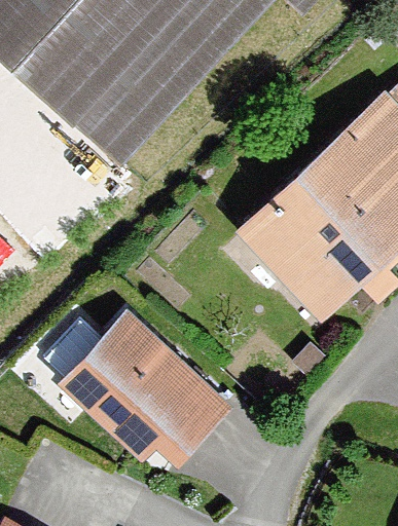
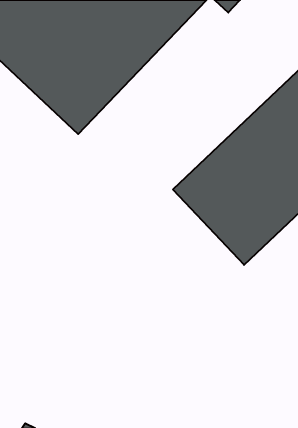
building: [58,308,236,471] -> none

